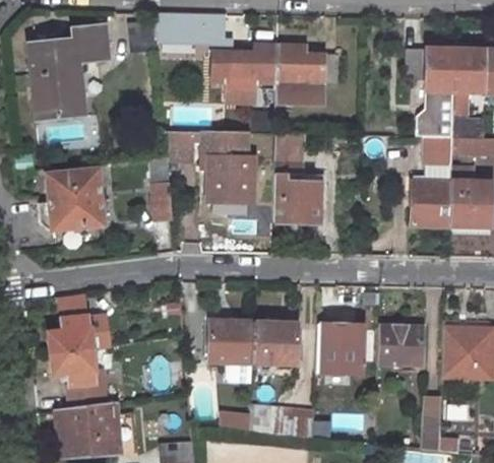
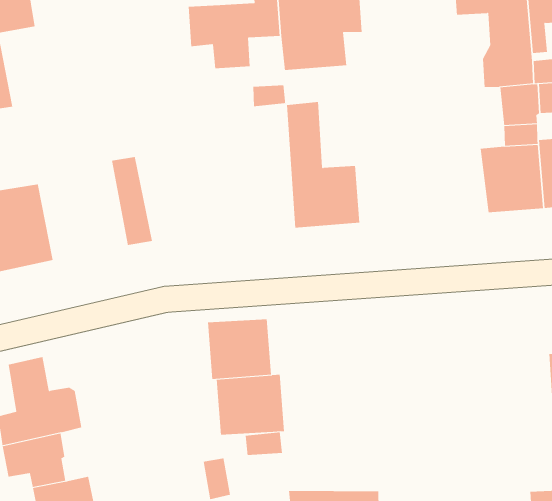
building: [166,129,255,202] -> none
building: [253,321,297,362] -> [207,319,272,380]
building: [316,323,362,373] -> none
building: [379,325,423,362] -> none

